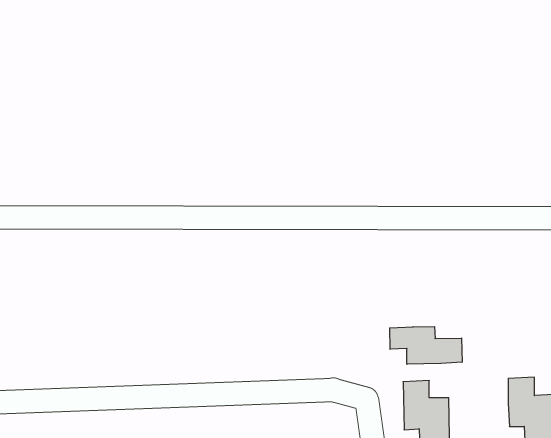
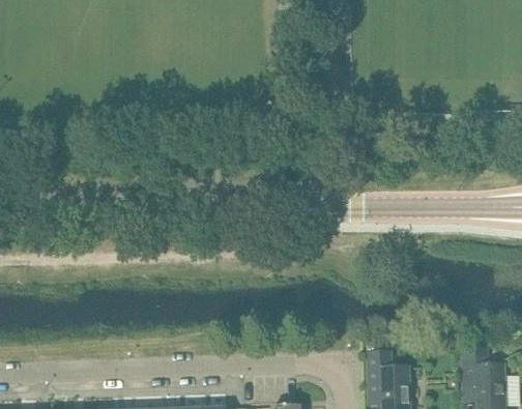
building: [390,327,462,364] -> none

